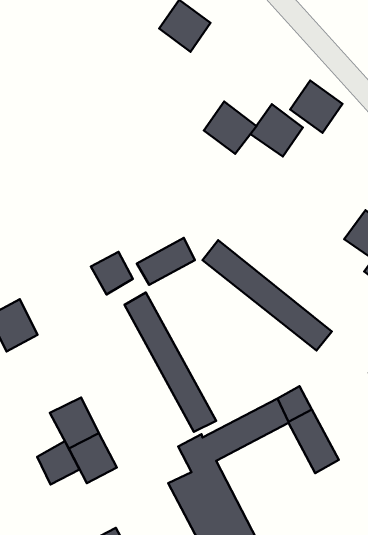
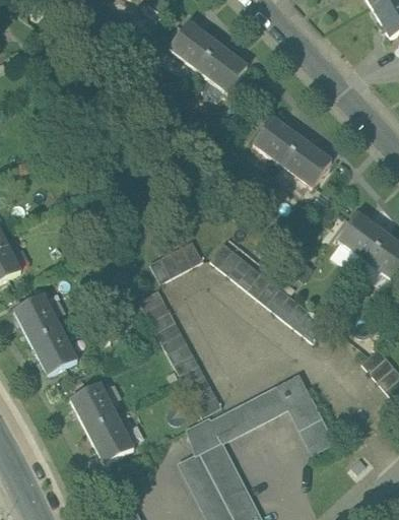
building: [290,81,342,133] -> [282,138,330,186]
building: [204,102,256,154] -> [198,43,246,90]
building: [91,252,133,295] -> none
building: none -> [30,327,75,374]
building: [37,441,79,484] -> none

